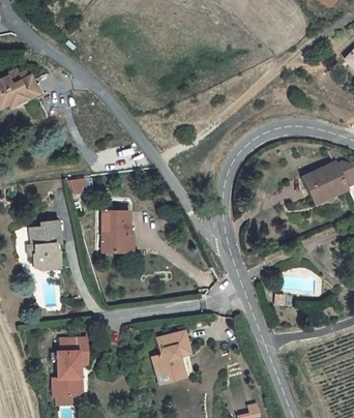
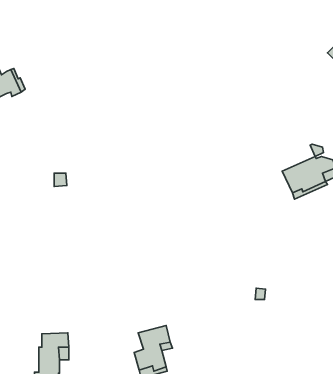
building: [102,210,129,252] -> none
building: [28,220,60,270] -> none

